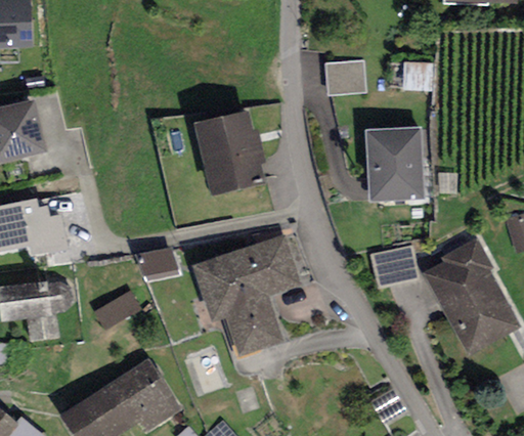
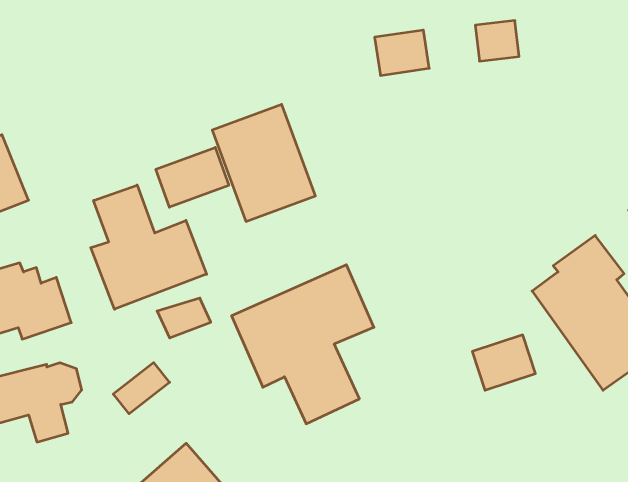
building: [366,126,424,199] -> none
building: none -> [156,147,229,207]
building: none -> [91,185,207,309]
building: [372,248,418,287] -> [472,335,535,390]

